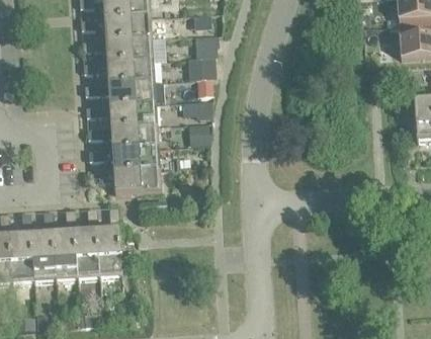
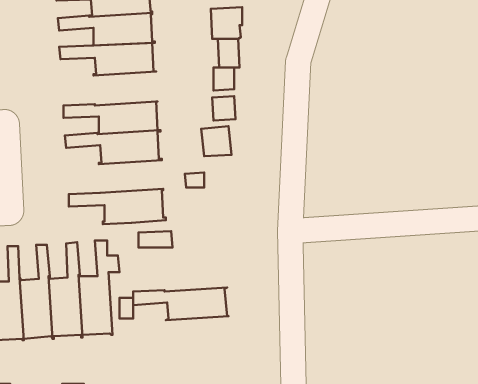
building: [85,78,156,103] -> none
building: [89,144,160,168] -> [133,287,229,320]

